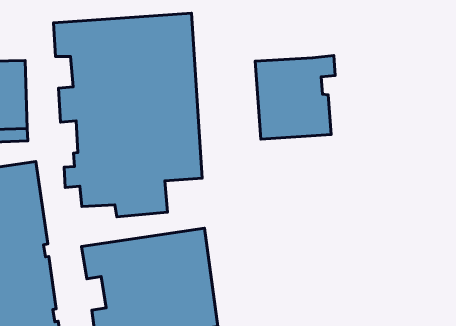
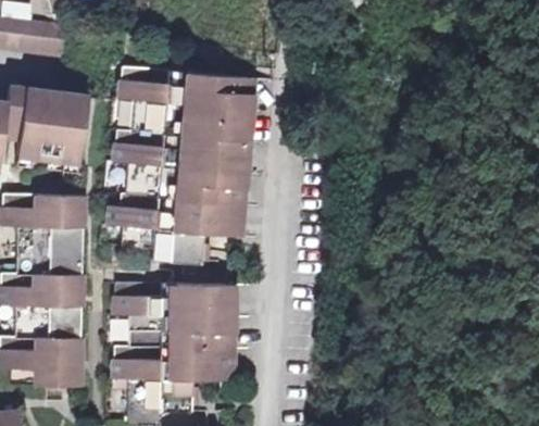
building: [255,56,335,139] -> none

